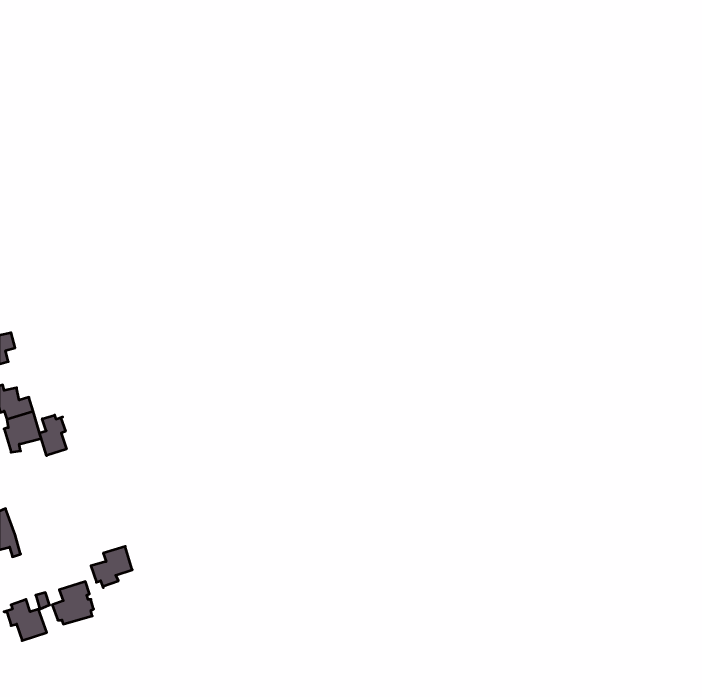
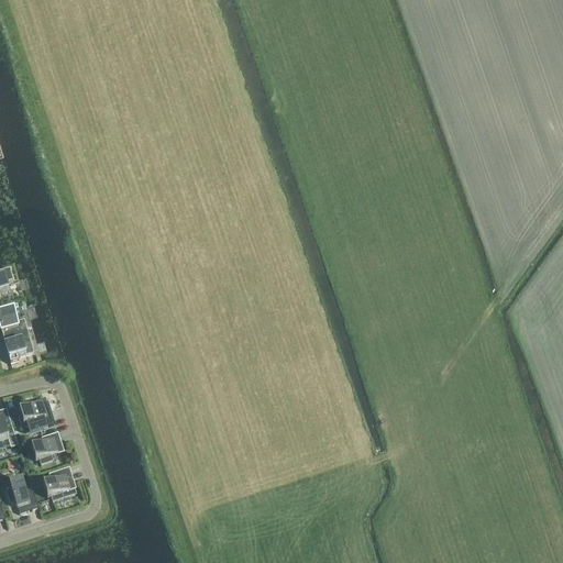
building: [40,415,66,456] -> none
building: none -> [18,397,54,433]
building: [91,546,132,588] -> [30,431,63,464]

